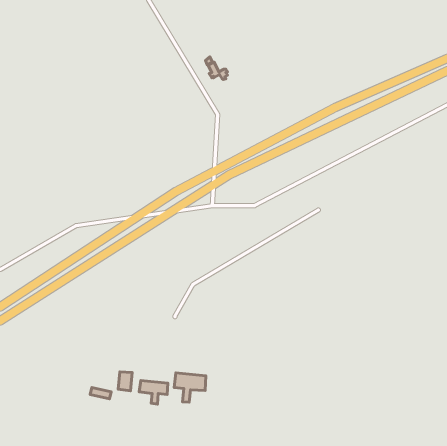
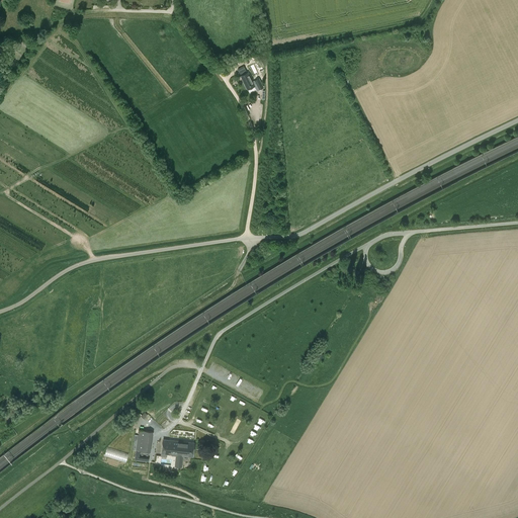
building: [174,373,206,402] -> none

